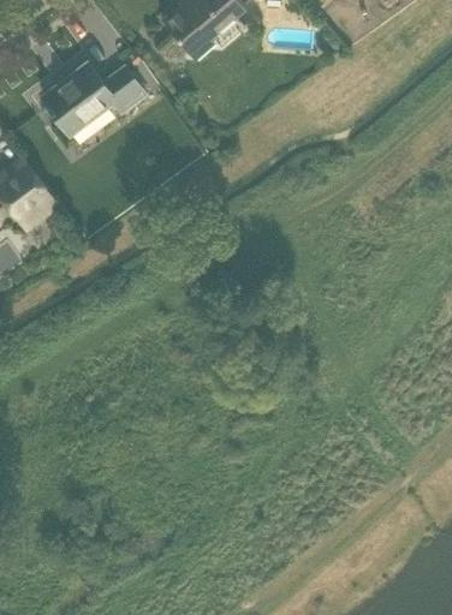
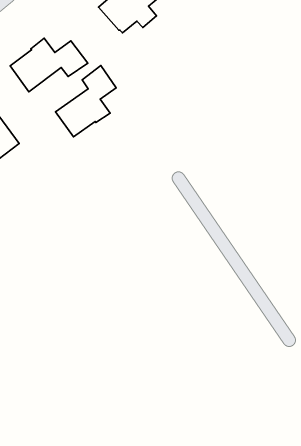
building: none -> [55,65,116,137]

